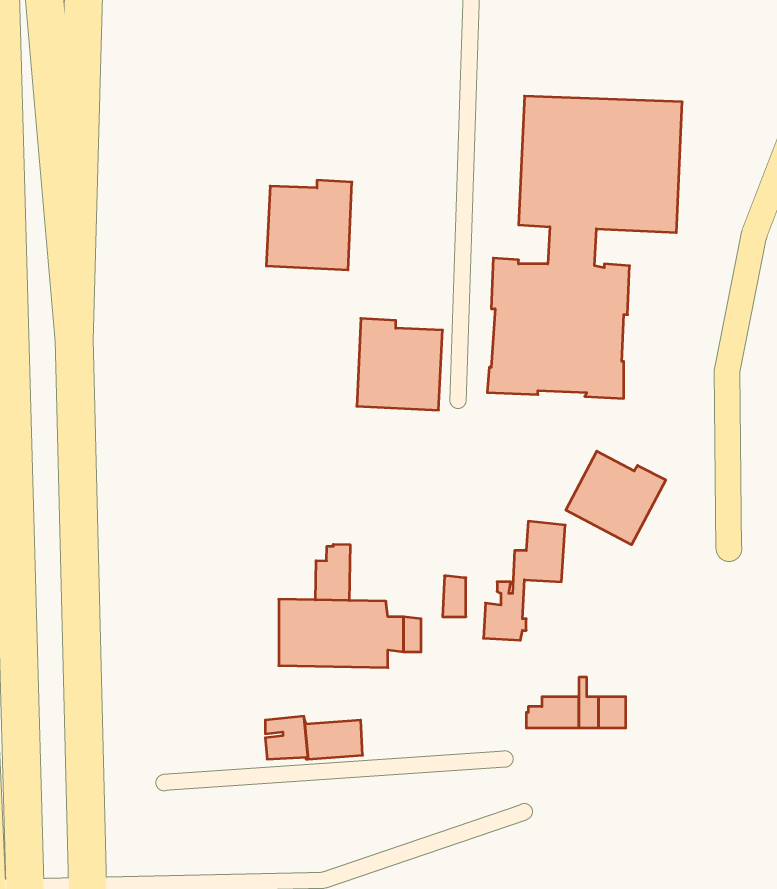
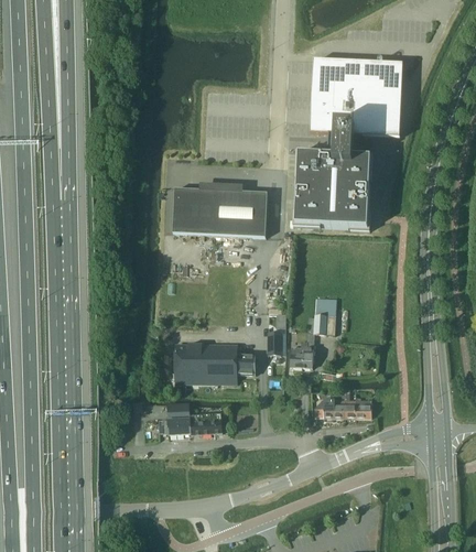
building: [266,180,352,270] -> [173,183,221,234]
building: [566,451,666,545] -> none
building: [315,544,350,601] -> none

